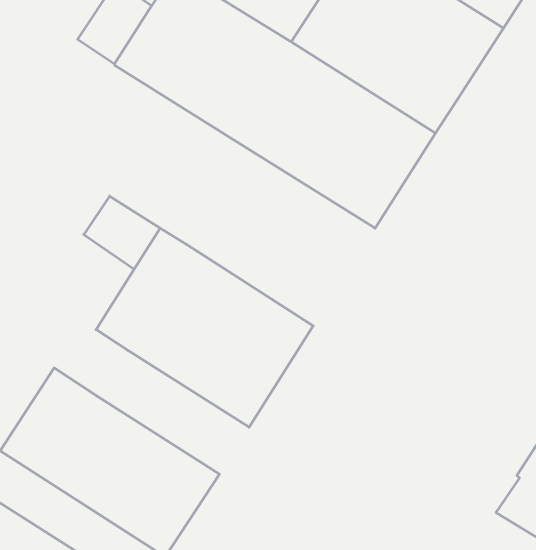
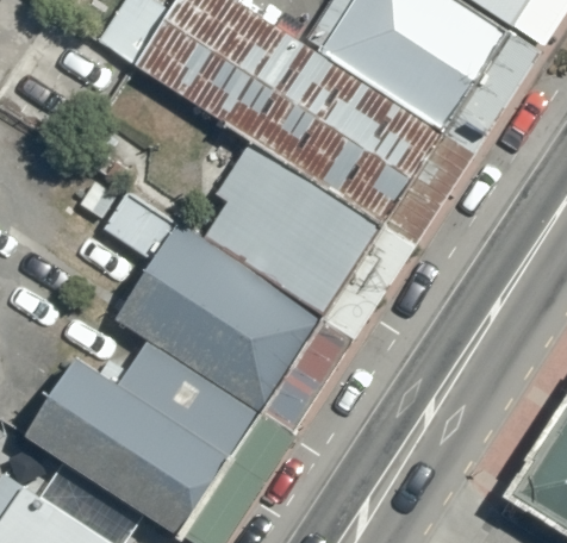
building: none -> [205,141,387,318]
building: none -> [119,342,266,461]

